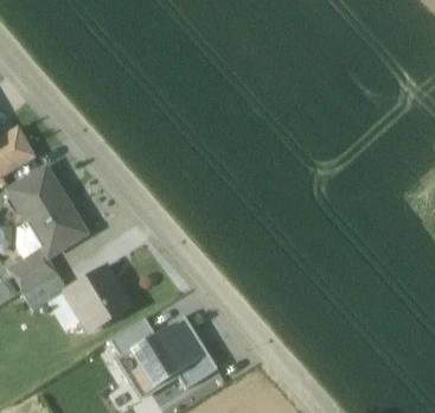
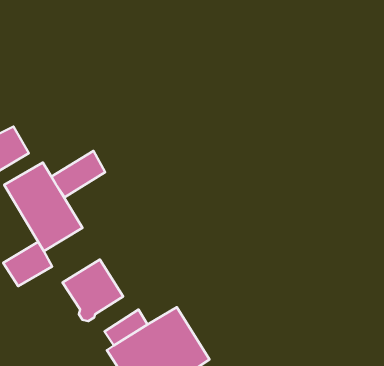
building: none -> [51,151,105,197]
building: [24,274,69,312] -> none

